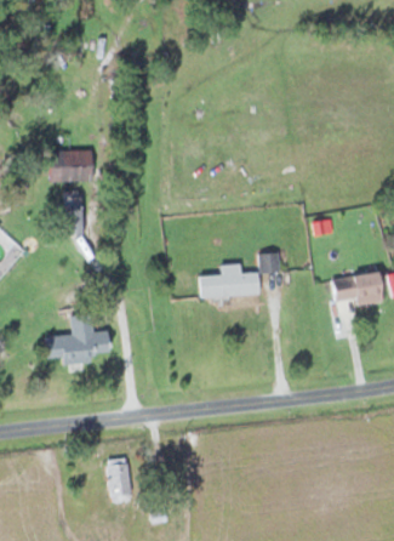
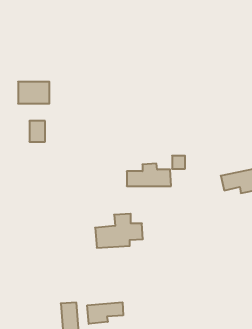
building: [44,318,110,365] -> [95,214,143,248]
building: none -> [87,302,123,324]

